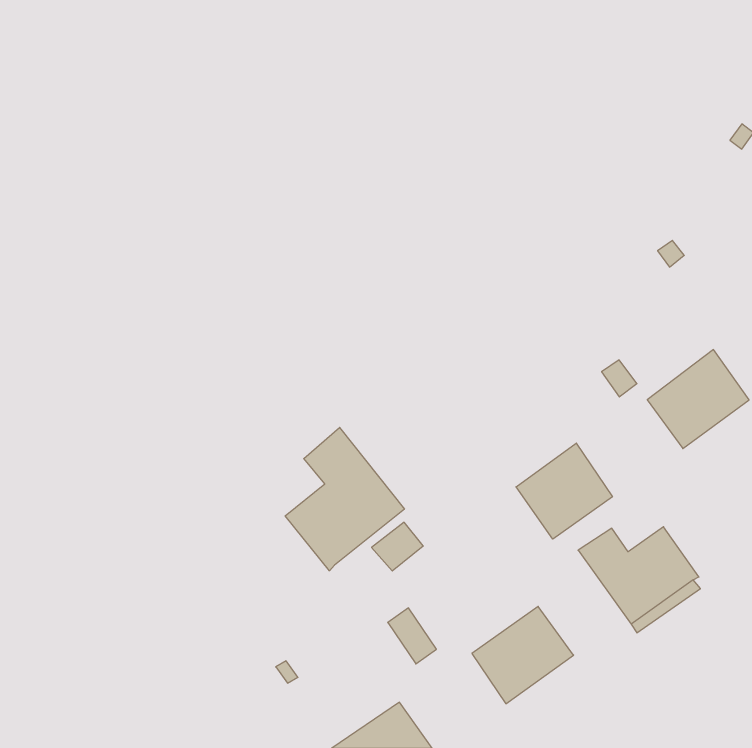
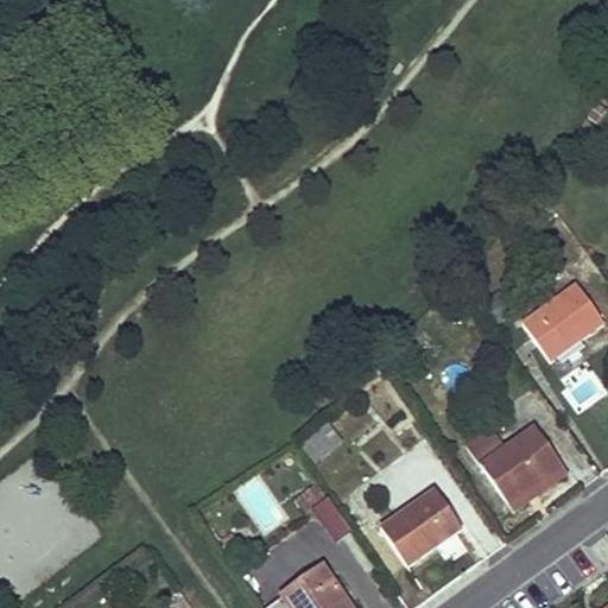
building: [285,427,404,571] -> none
building: [516,443,612,539] -> none

